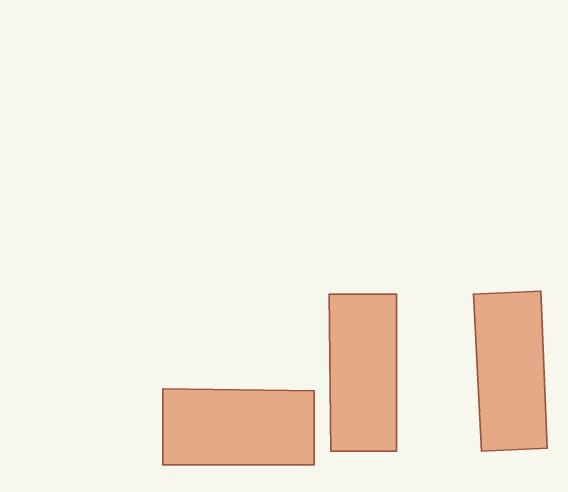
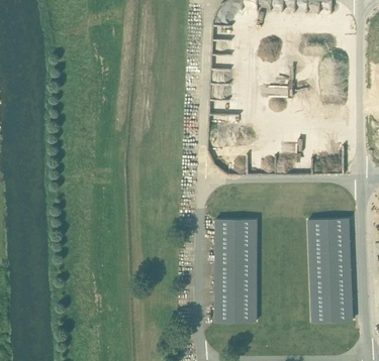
building: [163,389,314,465] -> none

